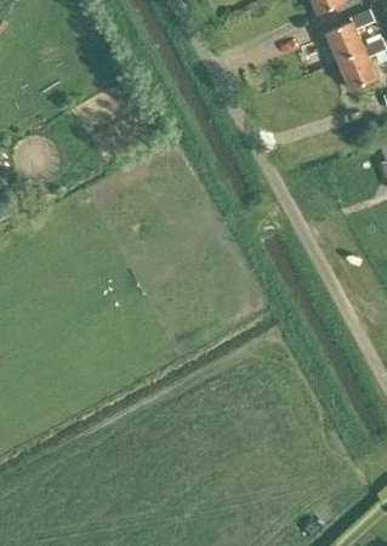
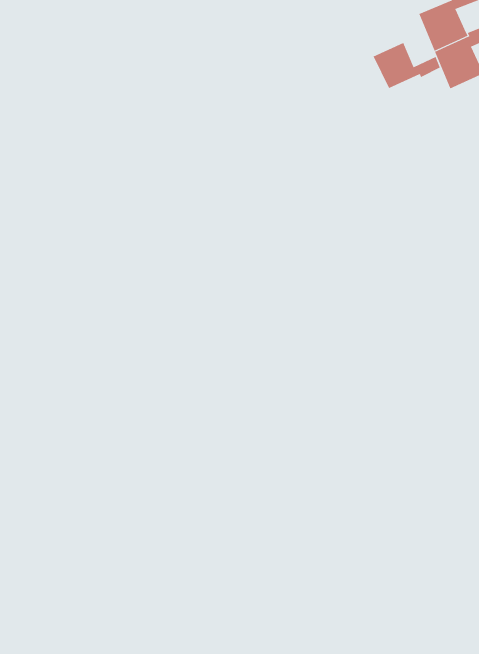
building: none -> [373,42,441,89]

